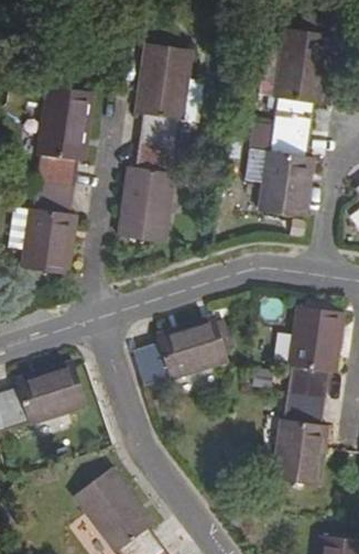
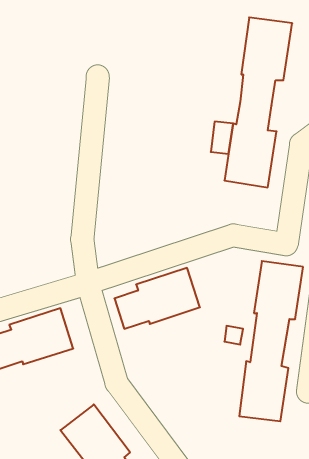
building: [116,43,193,241] -> none
building: [20,85,94,272] -> none

